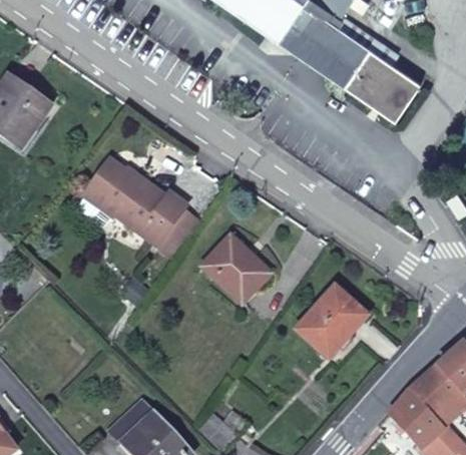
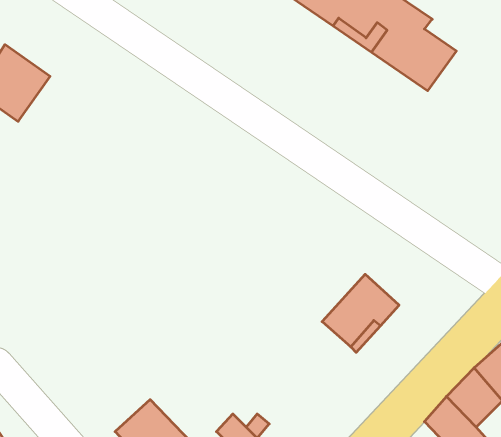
building: [88,159,198,256] -> none
building: [201,234,271,302] -> none

